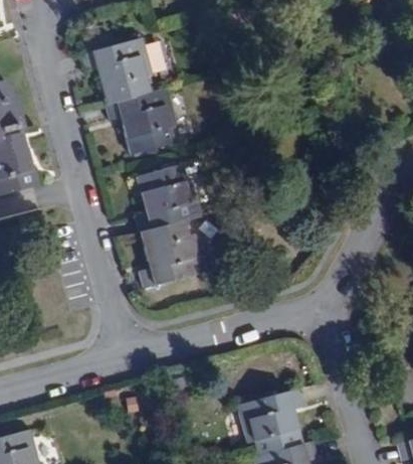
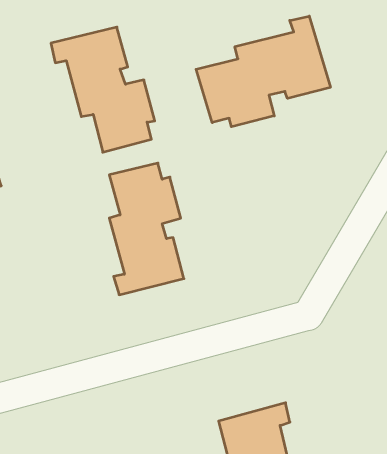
building: none -> [196,16,330,127]

